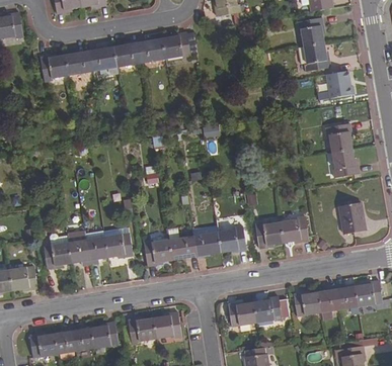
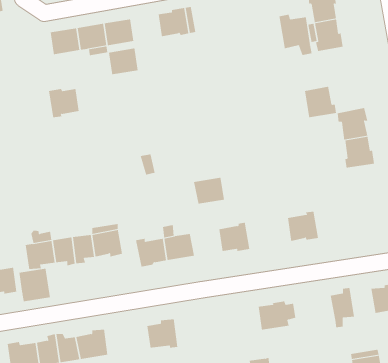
building: none -> [279,14,312,56]
building: [138,38,165,63] -> [108,48,139,75]
building: [40,55,68,81] -> [48,89,80,118]
building: [326,70,356,98] -> [304,86,337,118]
building: [337,202,365,234] -> none
building: [254,221,282,248] -> none
building: [191,232,220,256] -> [193,177,225,204]
building: none -> [19,268,50,302]
building: [335,283,358,310] -> none
building: [293,291,321,316] -> none
building: [228,301,255,327] -> none
building: [127,317,155,345] -> none

